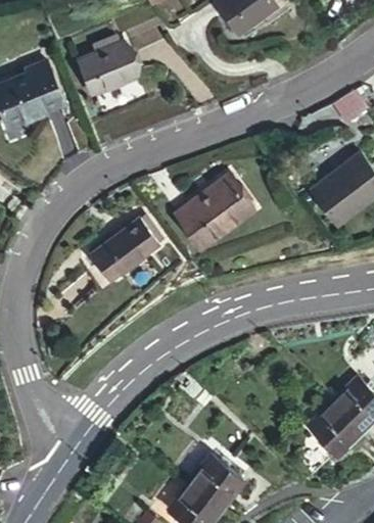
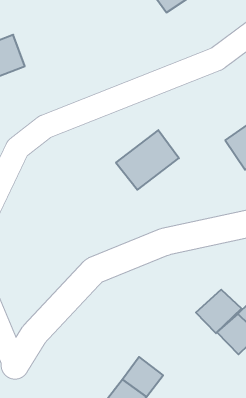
building: [80,40,136,86] -> none
building: [92,219,161,283] -> none
building: none -> [196,290,241,333]

